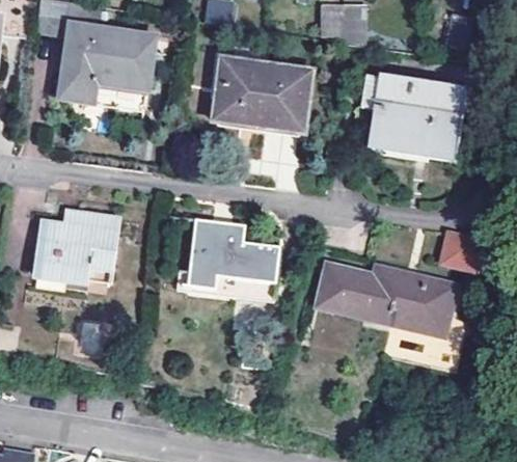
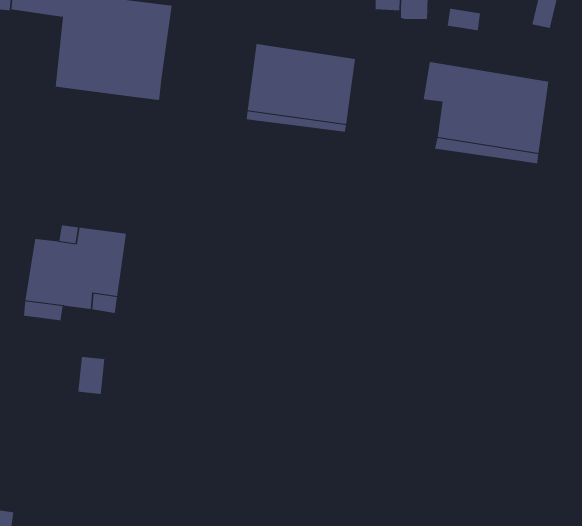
building: [185,217,281,297] -> none
building: [439,229,487,270] -> none
building: [320,270,454,331] -> none

